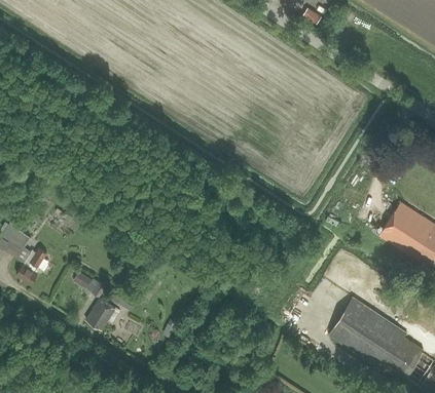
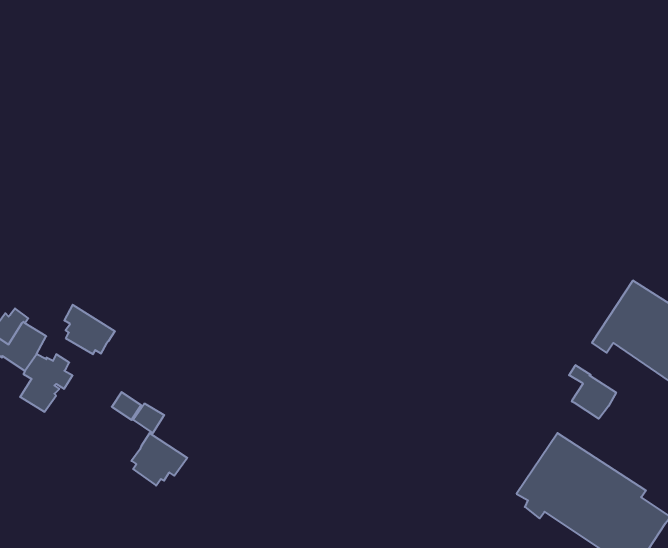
building: none -> [64,305,115,354]
building: none -> [569,365,616,419]

